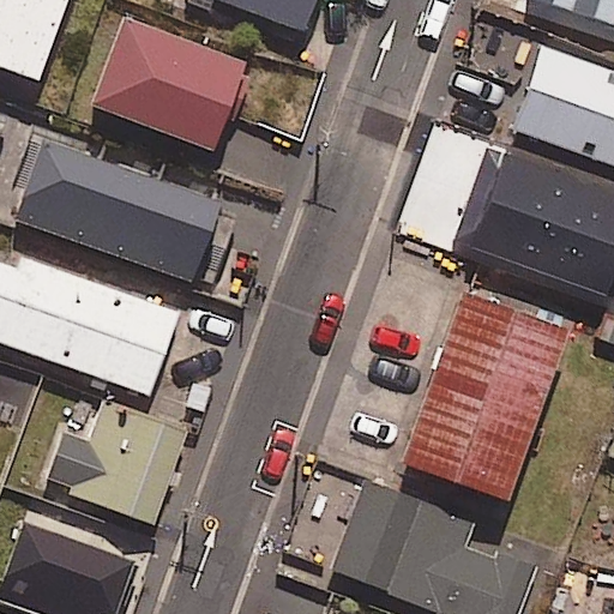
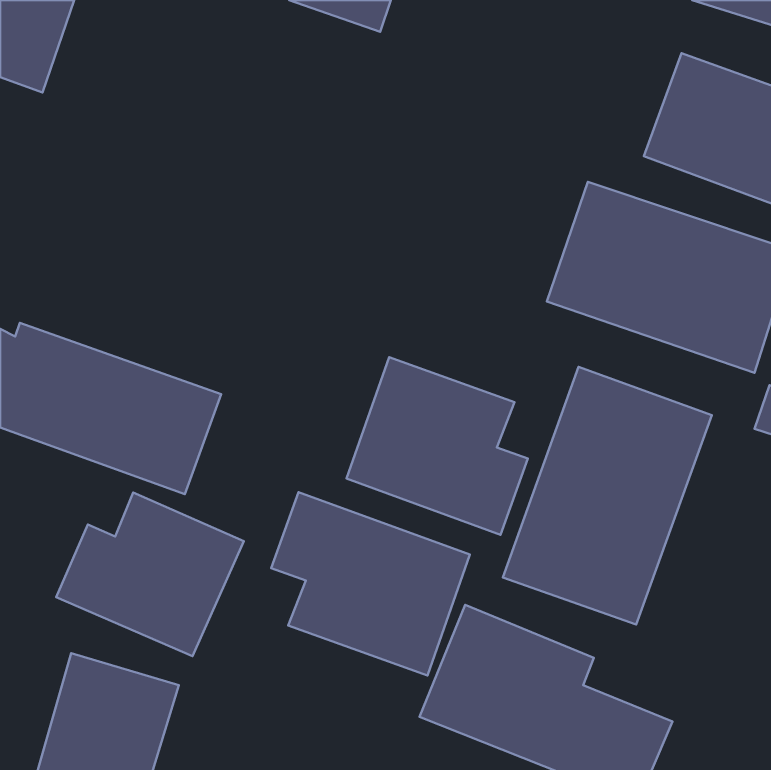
building: [91,16,242,149] -> none
building: [14,143,216,281] -> none
building: none -> [347,357,528,535]
building: none -> [271,492,470,676]

